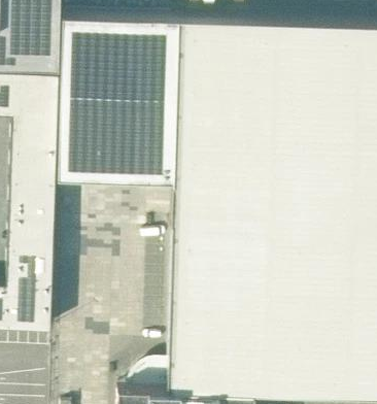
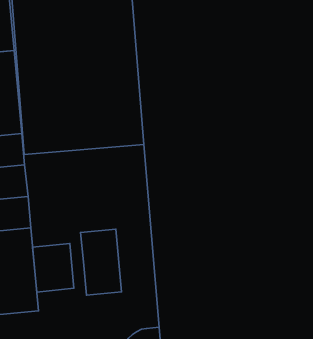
building: none -> [81,229,122,295]
building: none -> [33,243,74,292]

